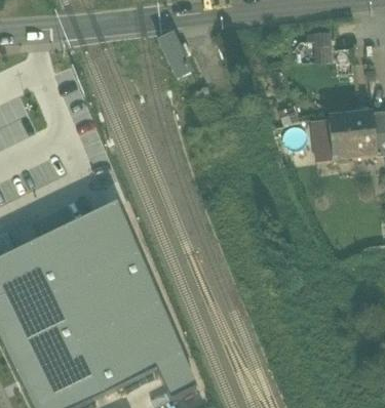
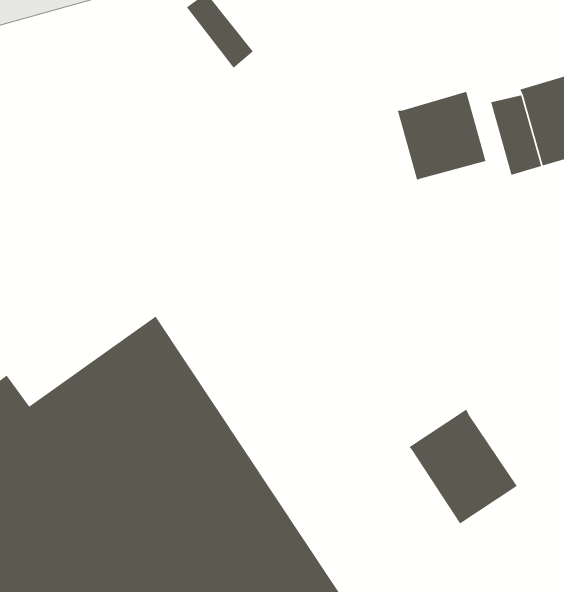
building: none -> [397,91,487,181]
building: none -> [408,408,518,524]

